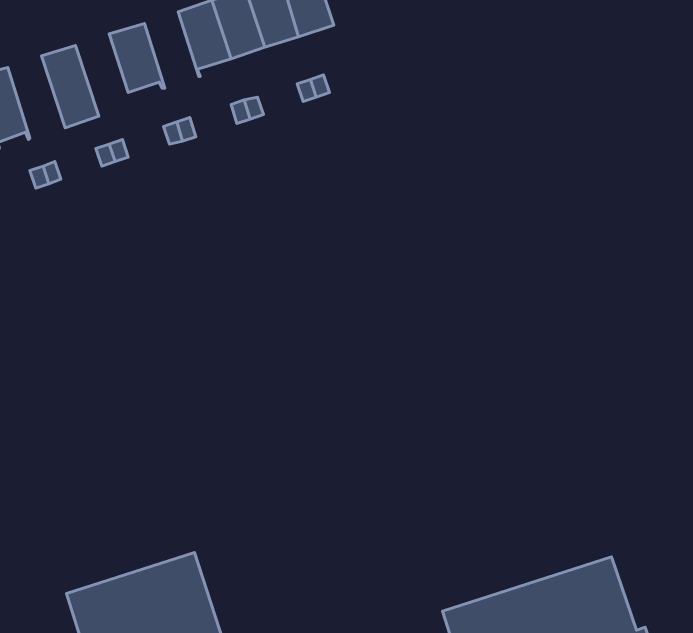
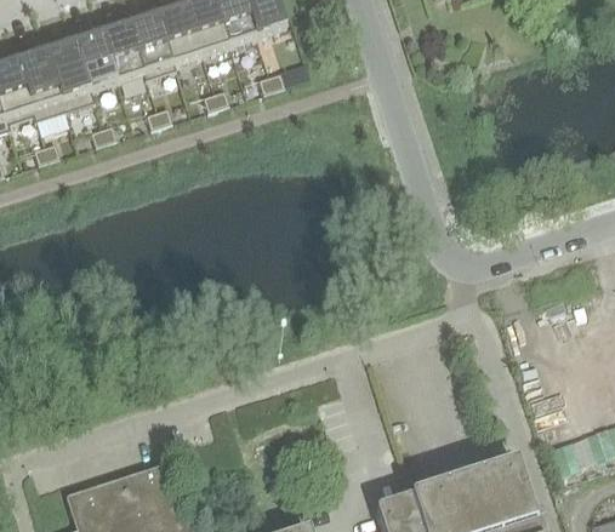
building: none -> [129,12,173,75]
building: none -> [72,30,115,98]
building: none -> [16,48,63,116]

